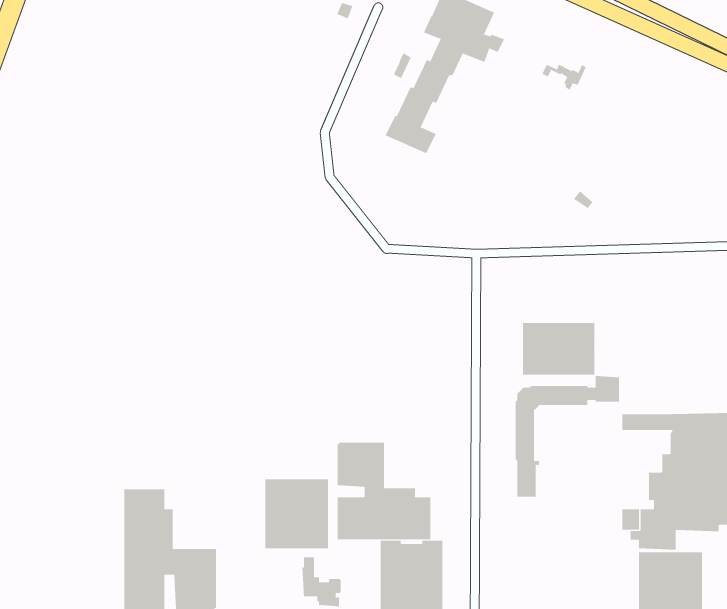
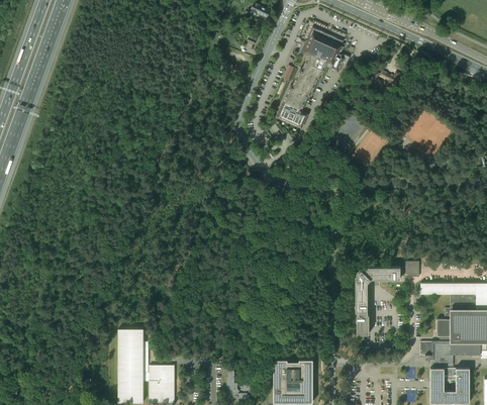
building: [523,322,595,375] -> none
building: [337,442,431,540] -> none
building: [265,479,329,549] -> none

